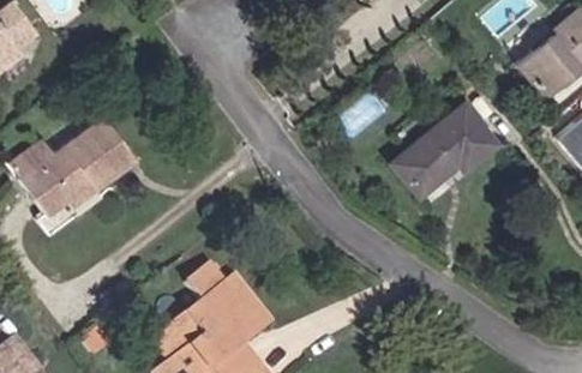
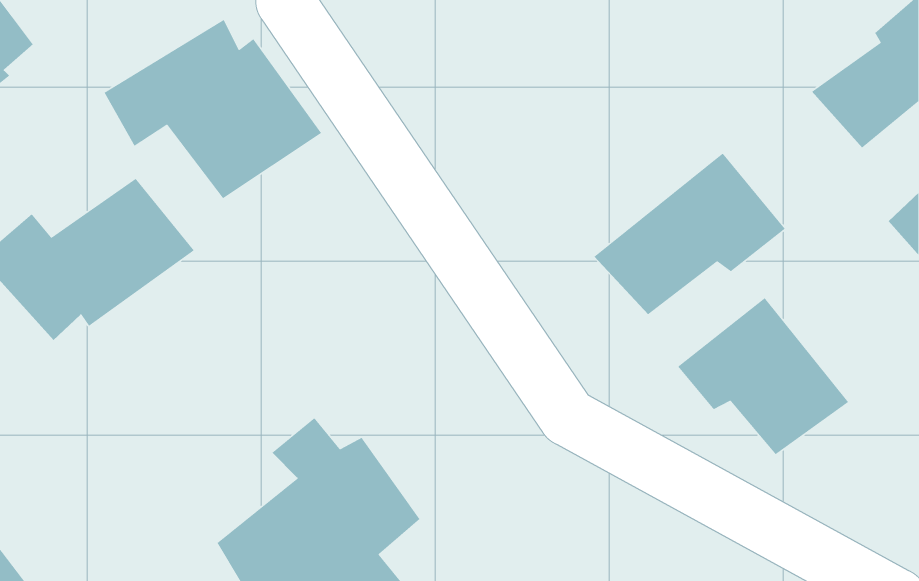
building: none -> [104,19,322,199]
building: none -> [677,297,849,455]

